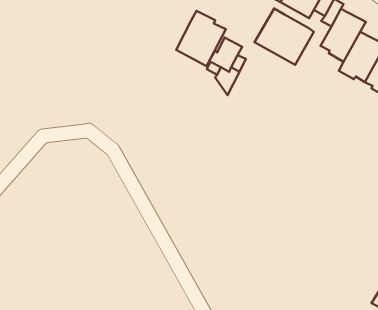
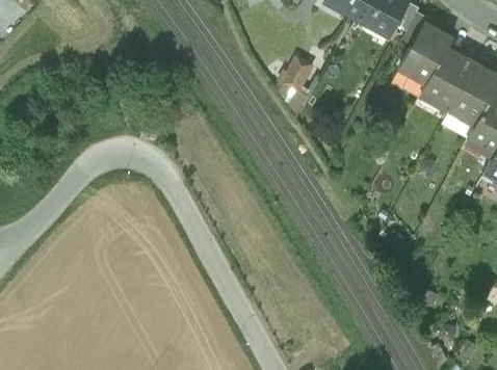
building: [255,9,314,65] -> none
building: [176,11,226,66] -> none

